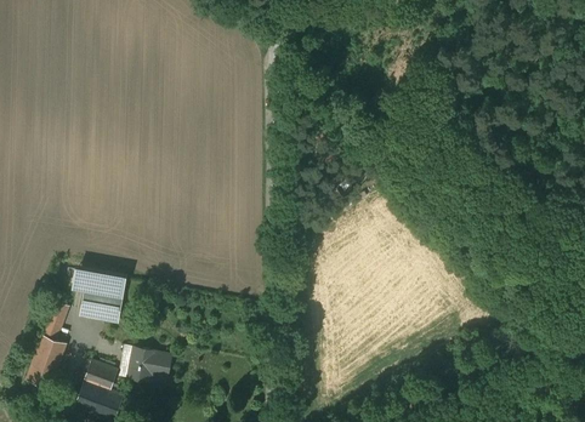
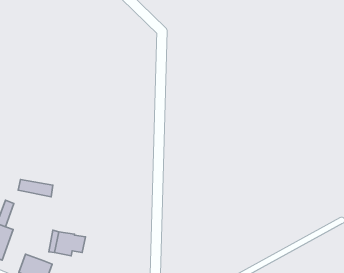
building: [81,290,123,320] -> none
building: [85,359,118,388] -> none

